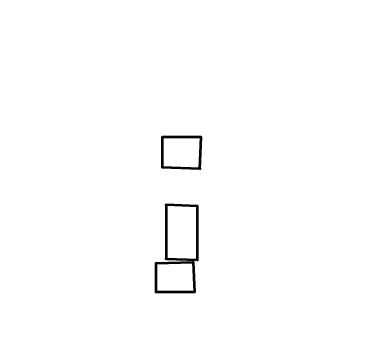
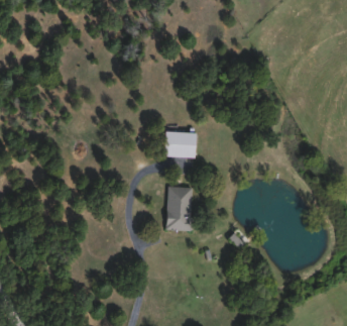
building: [156,262,194,292] -> none

